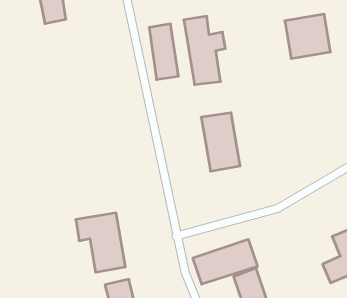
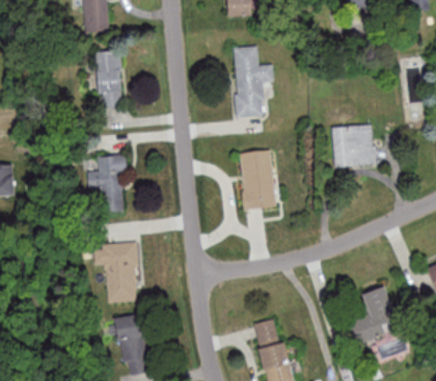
building: [285,14,331,59] -> [331,125,376,167]
building: [149,24,179,80] -> [97,51,121,108]
building: none -> [87,156,126,212]
building: [193,239,257,284] -> none

